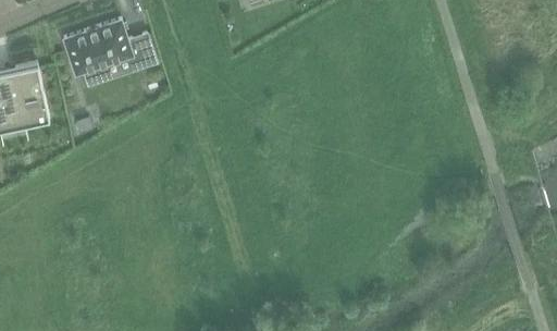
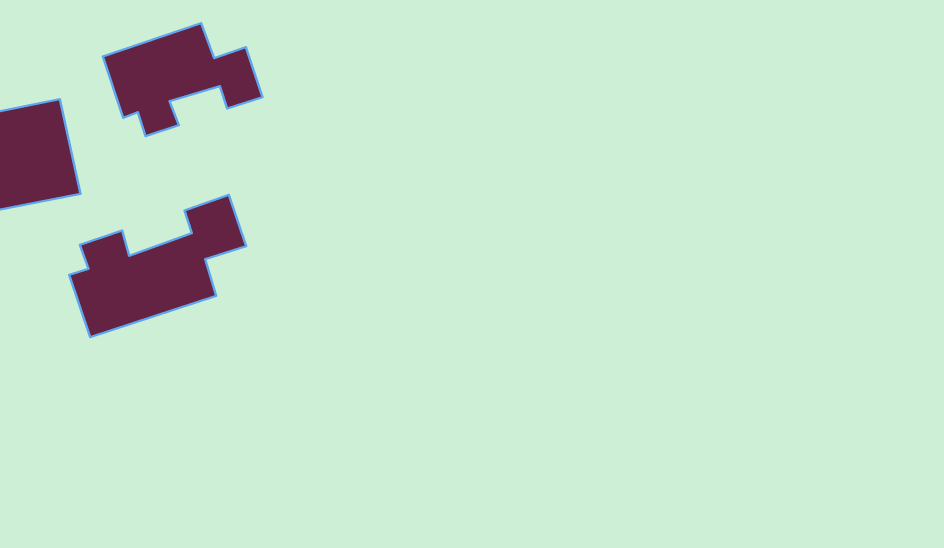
building: none -> [69,195,246,337]

